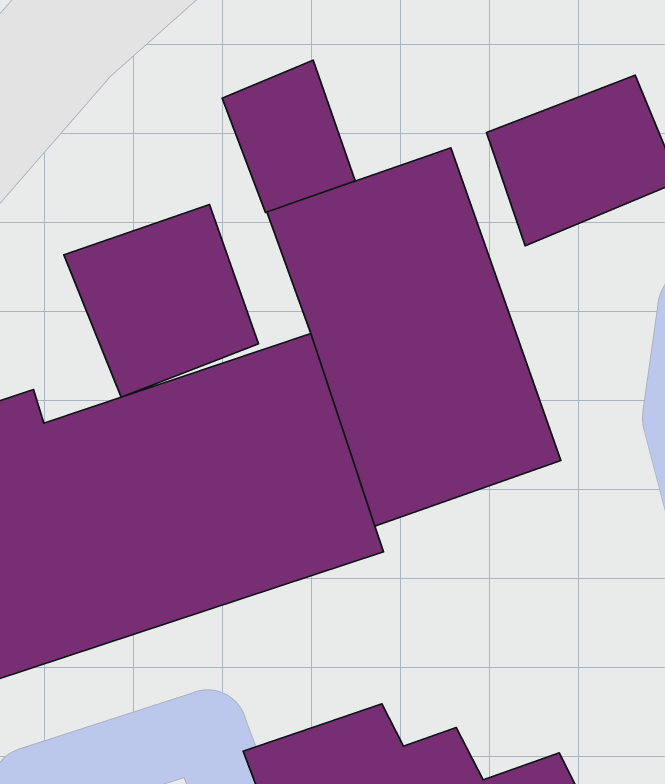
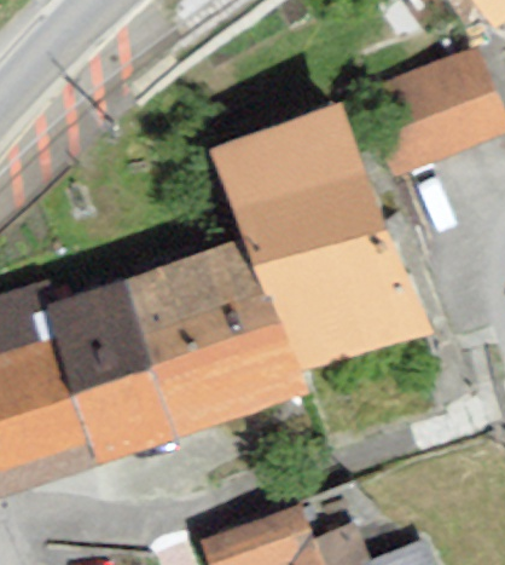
building: [222,60,355,212] -> none
building: [64,204,259,397] -> none

